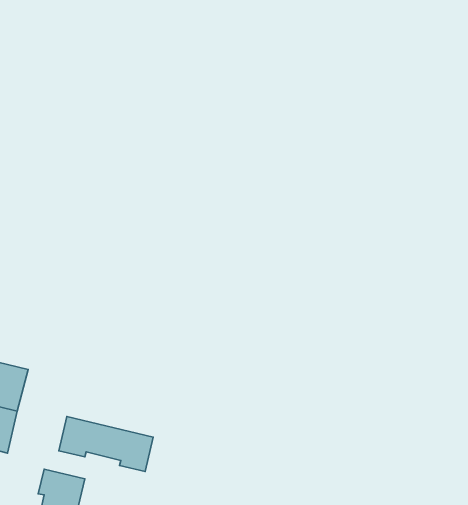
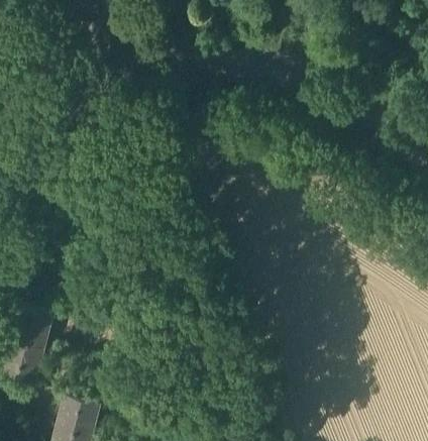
building: [59,417,153,472] -> none

